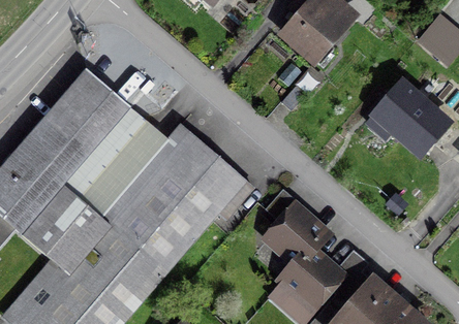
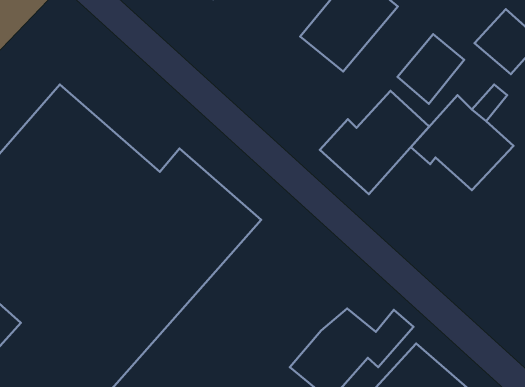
building: none -> [398,34,464,104]
building: none -> [320,91,429,194]
building: [261,201,329,267] -> none

